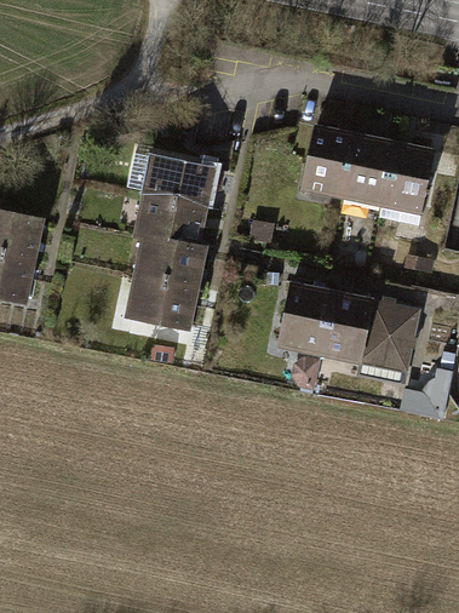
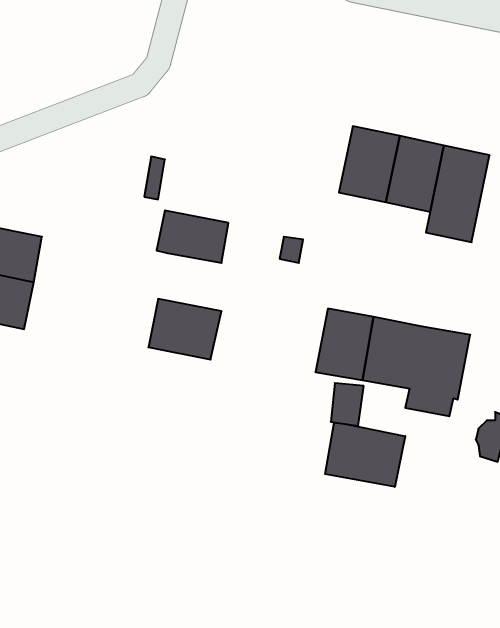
building: [148,157,212,208] -> none
building: [142,235,205,286] -> none
building: none -> [325,423,405,487]

